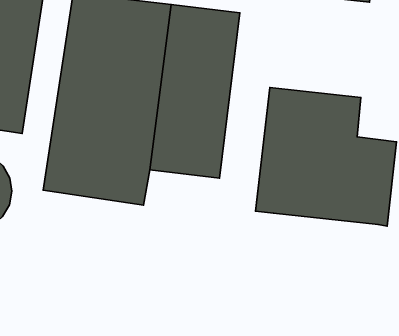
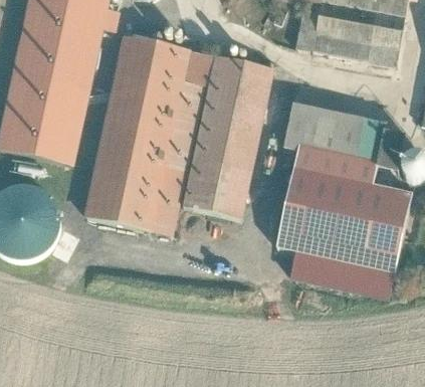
building: none -> [288,106,386,152]
building: none -> [287,250,386,295]

